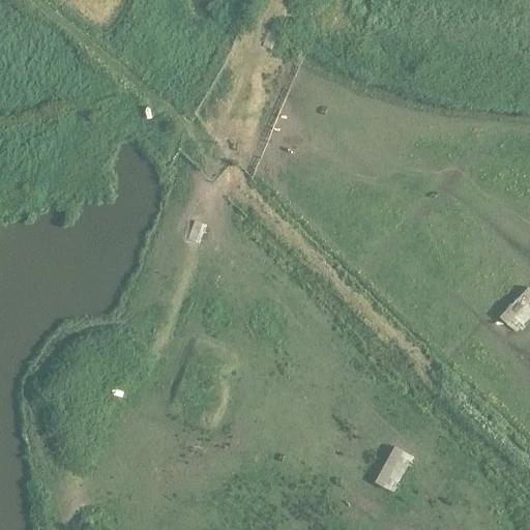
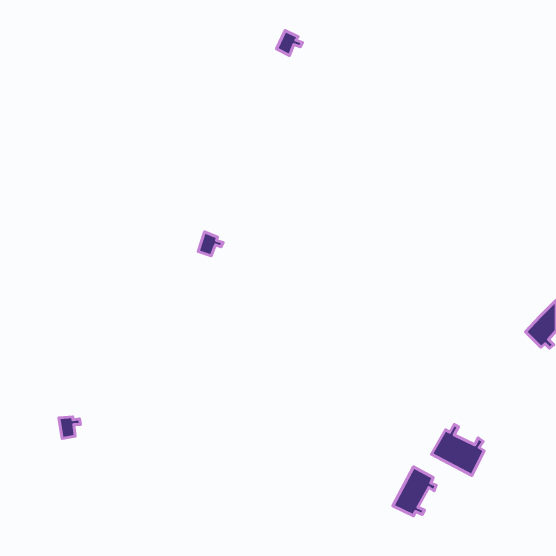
building: none -> [431,424,484,476]

